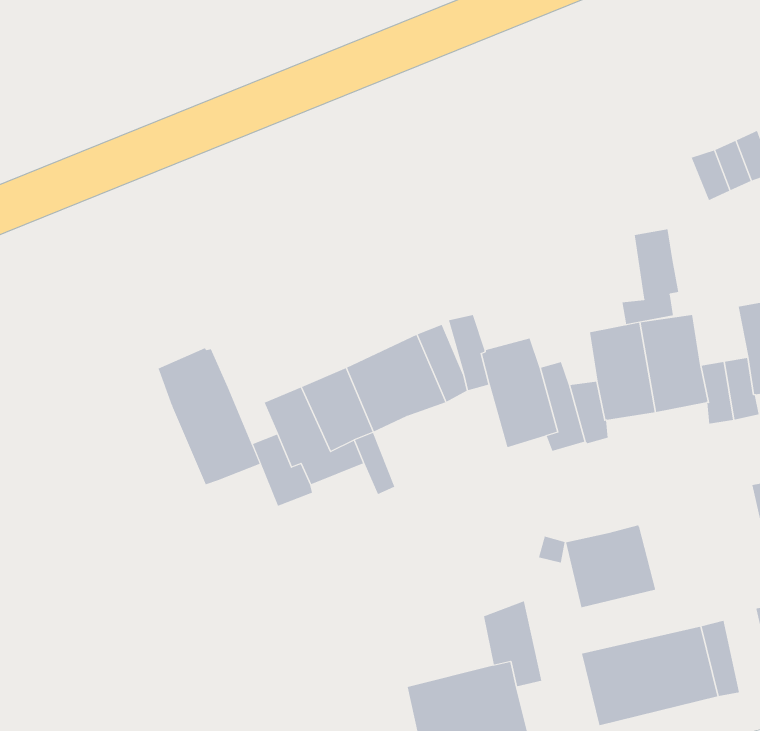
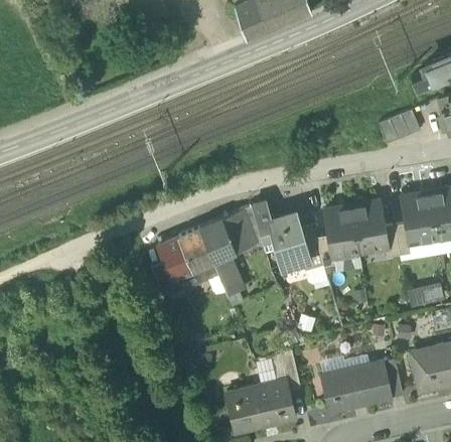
building: [622,229,679,325] -> none
building: [158,347,260,485] -> none
building: none -> [213,254,244,296]
building: [566,524,656,608] -> none

